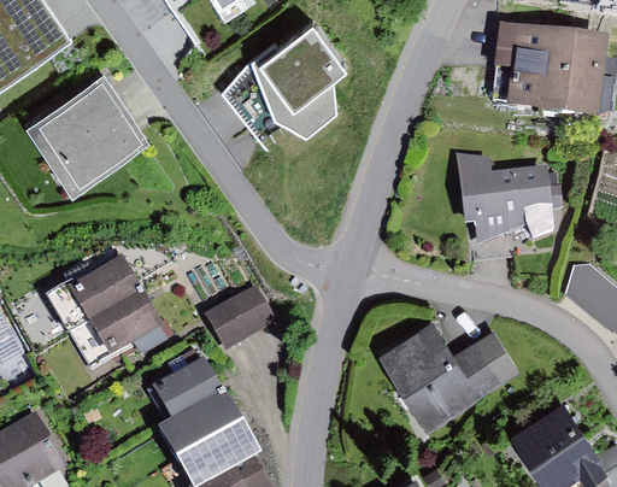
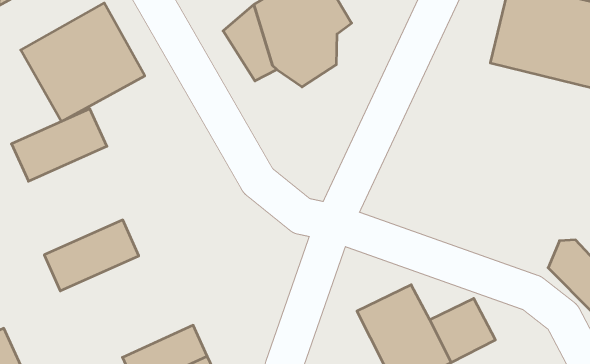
building: [457,152,563,241] -> none
building: [48,253,142,330] -> [11,109,107,181]
building: [204,282,275,345] -> none
building: [151,352,222,415] -> none

